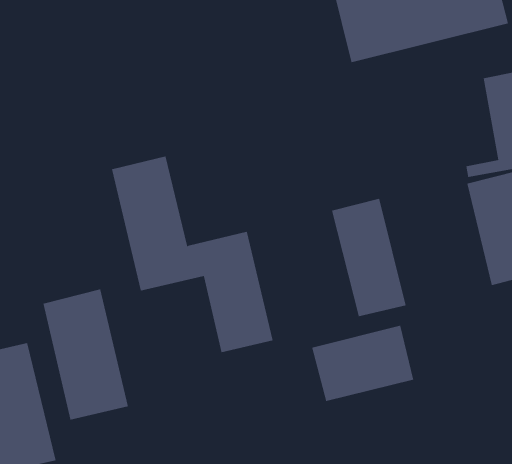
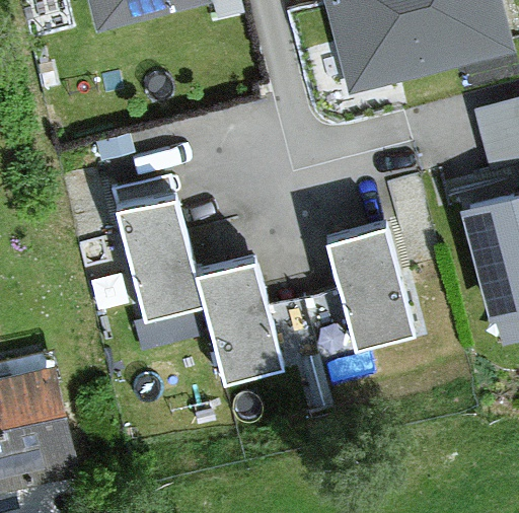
building: [43,289,129,420] -> none
building: [312,325,414,402] -> none

